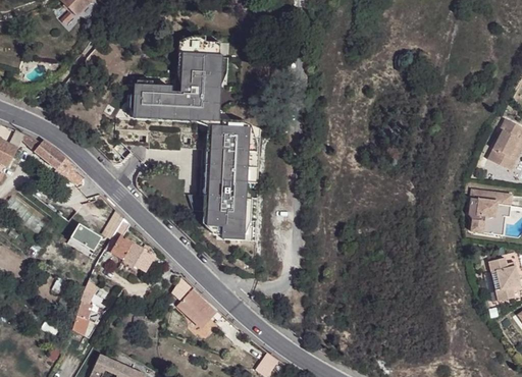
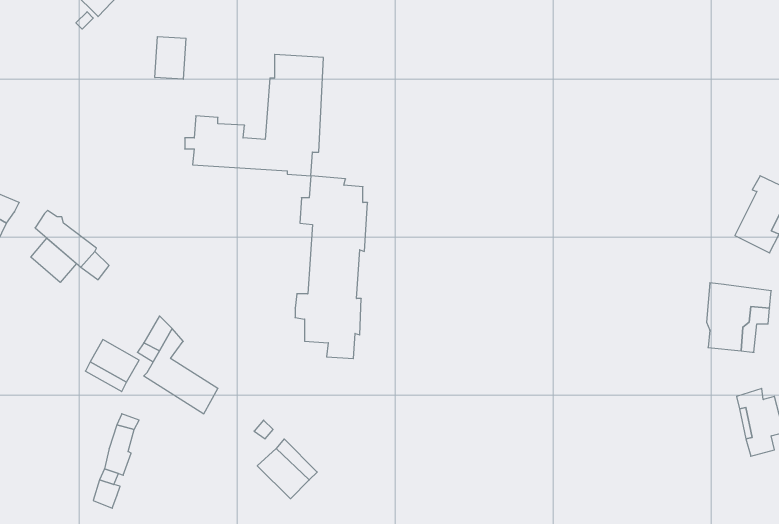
building: none -> [155,37,186,79]
building: none -> [31,238,76,282]

